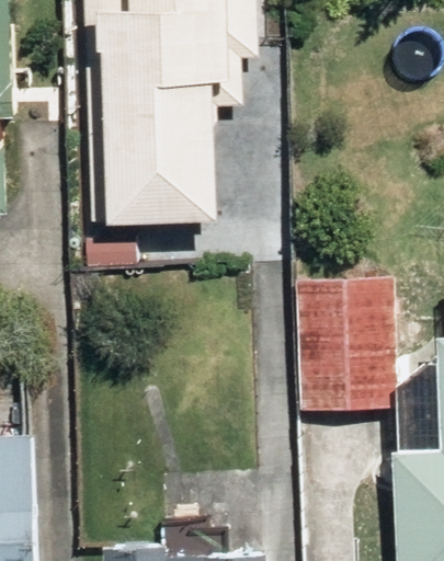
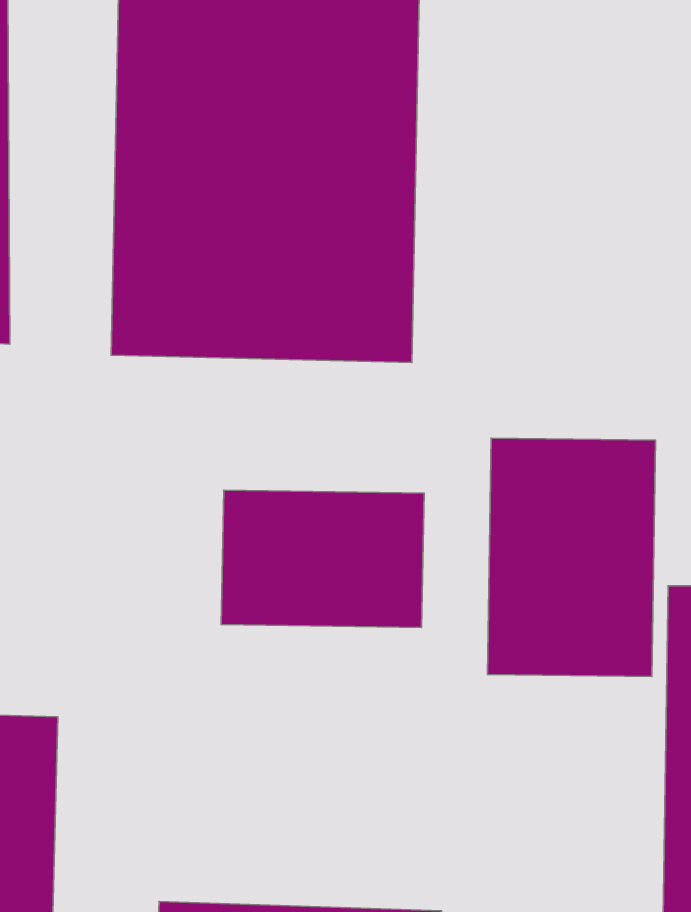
building: none -> [221,490,424,628]

